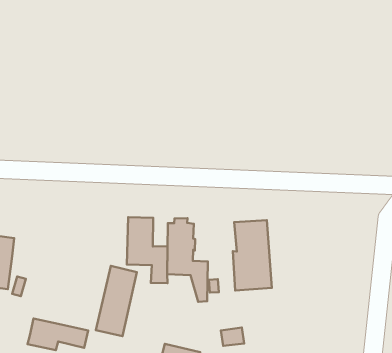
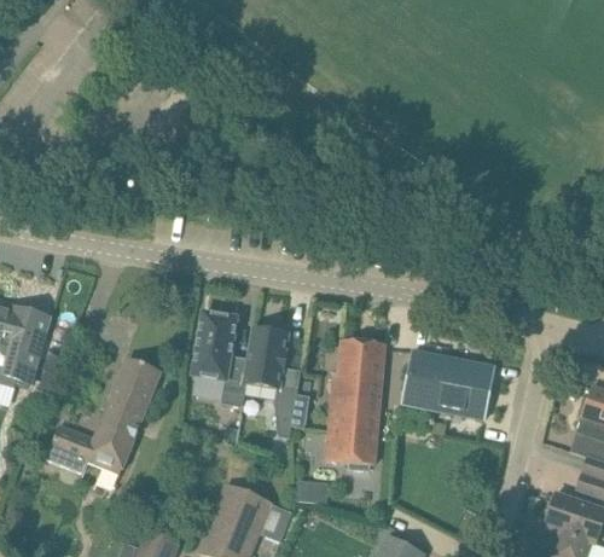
building: none -> [402,350,494,419]
building: [96,266,137,336] -> [94,358,159,452]
building: none -> [326,429,377,464]

